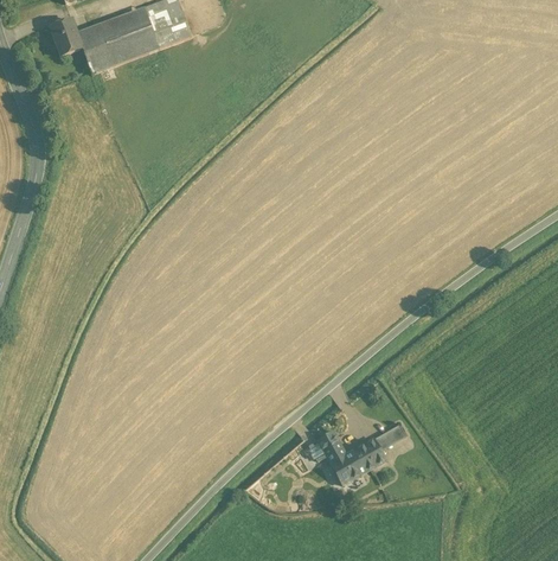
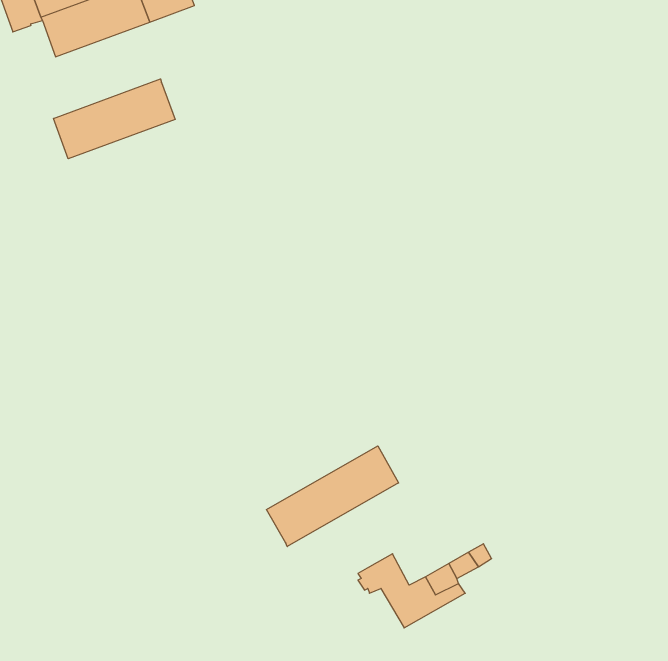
building: none -> [54,79,175,159]
building: none -> [266,446,399,547]

